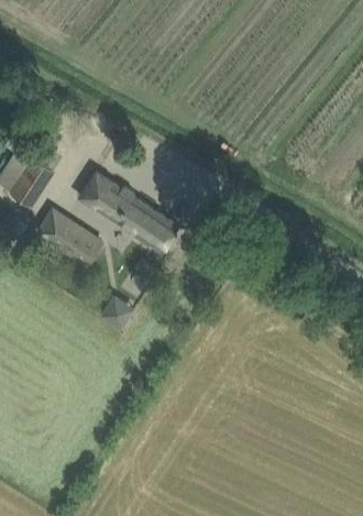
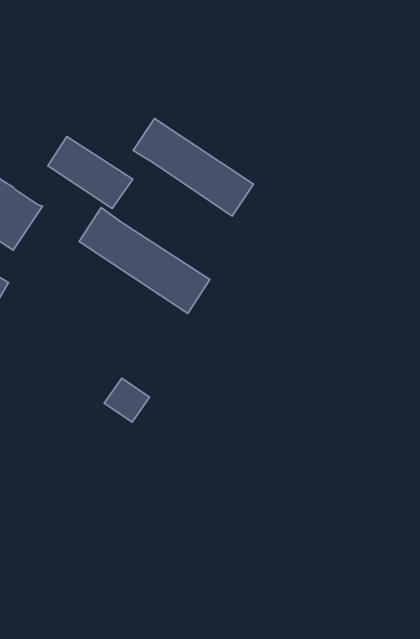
building: none -> [133,119,253,216]
building: [38,210,102,264] -> [48,137,133,209]

